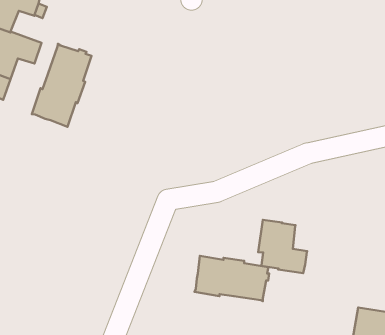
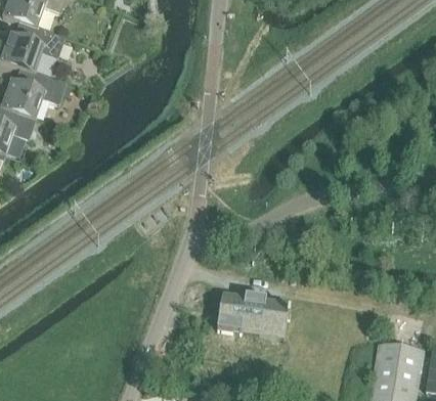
building: [32,44,92,127] -> none
building: [258,220,307,273] -> none

